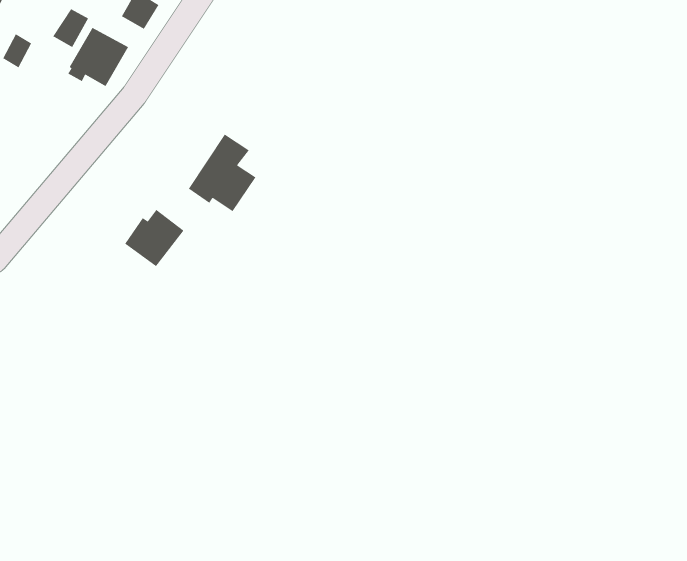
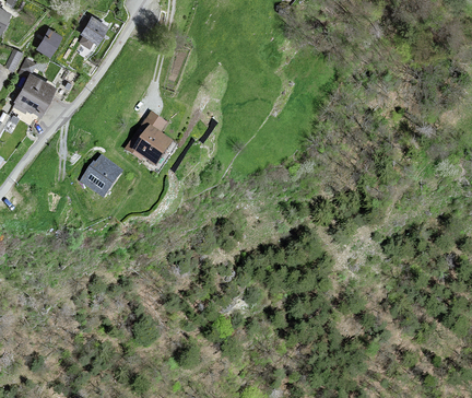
building: [67,27,129,87] -> [14,75,55,115]

